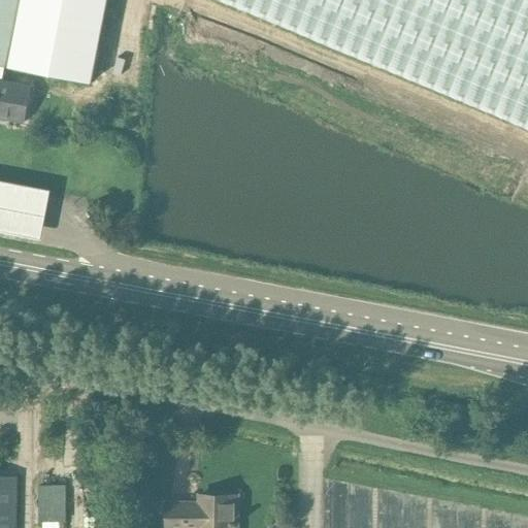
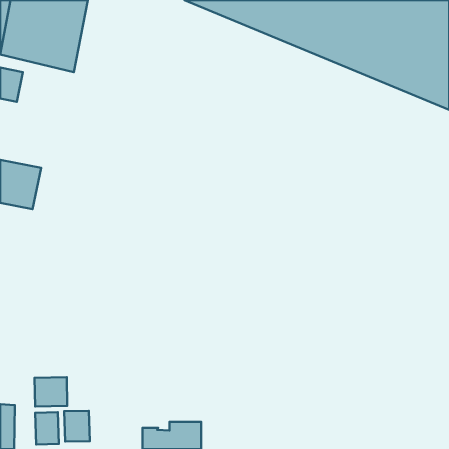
building: none -> [35,377,67,407]
building: none -> [64,411,90,442]

